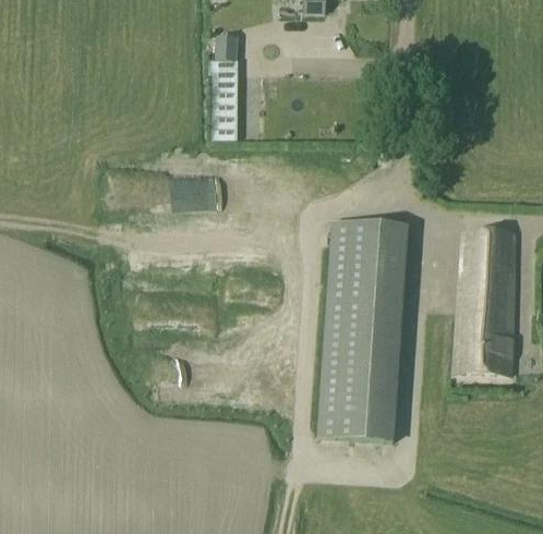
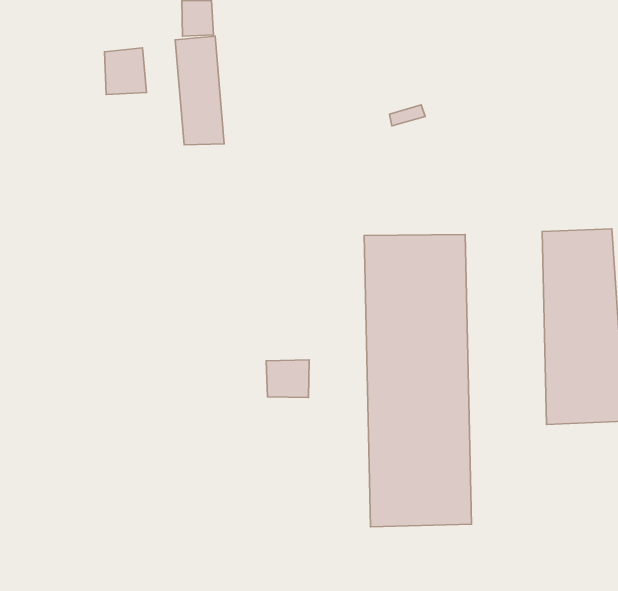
building: none -> [104,48,146,95]
building: none -> [266,360,309,398]

